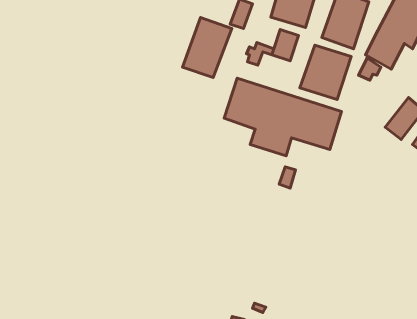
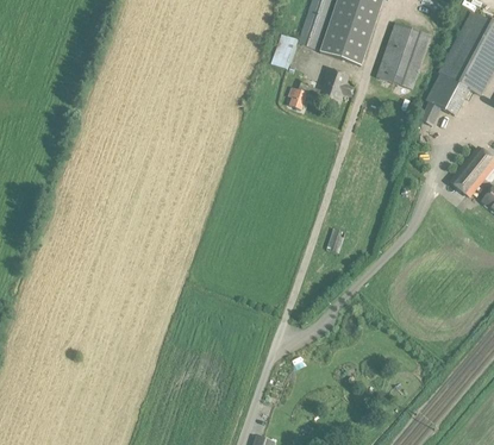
building: [183,17,232,78] -> none
building: [300,45,351,100] -> none
building: [224,78,341,156] -> none

